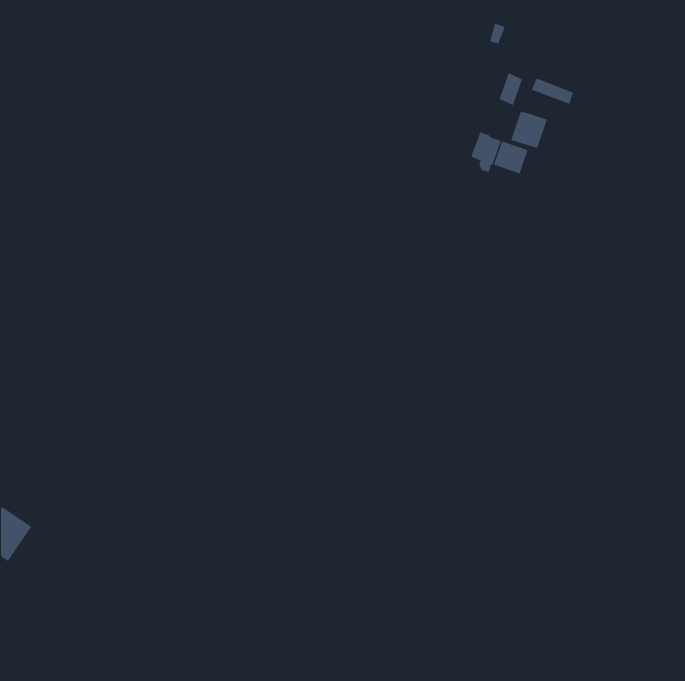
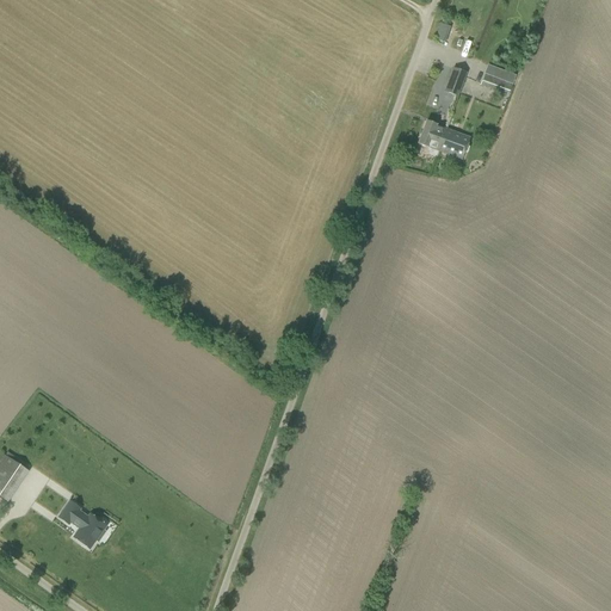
building: [510,111,547,149] -> none
building: none -> [57,498,107,548]

